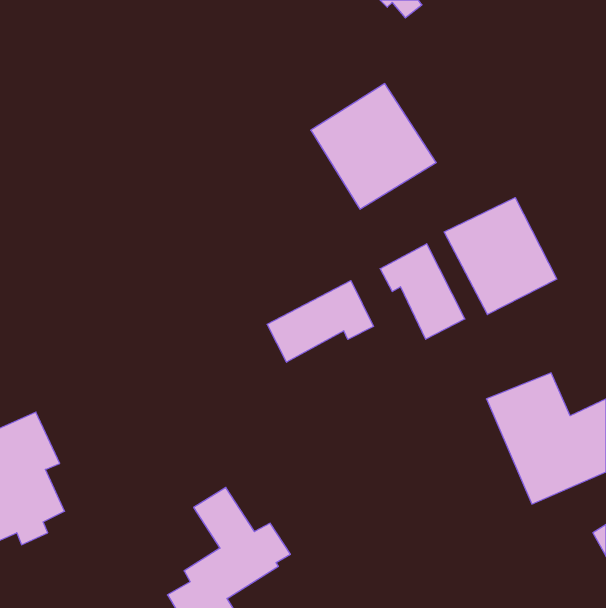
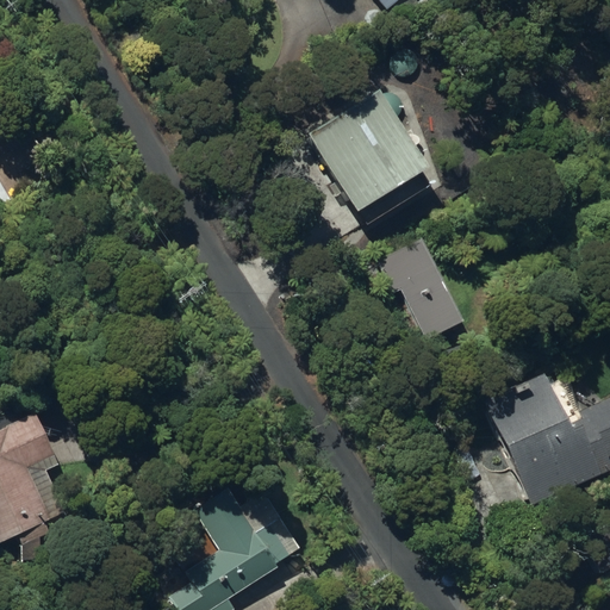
building: [444,198,557,315] -> none
building: [267,281,373,362] -> none

